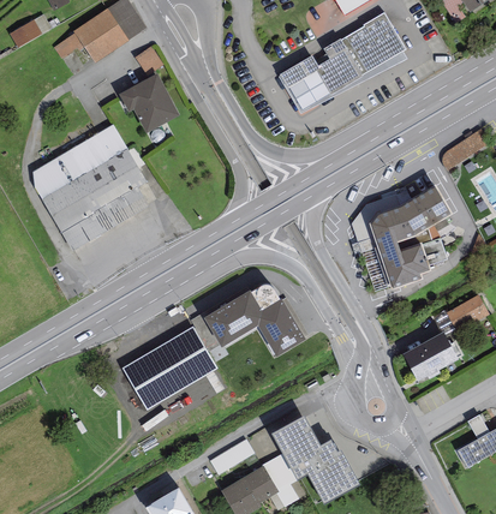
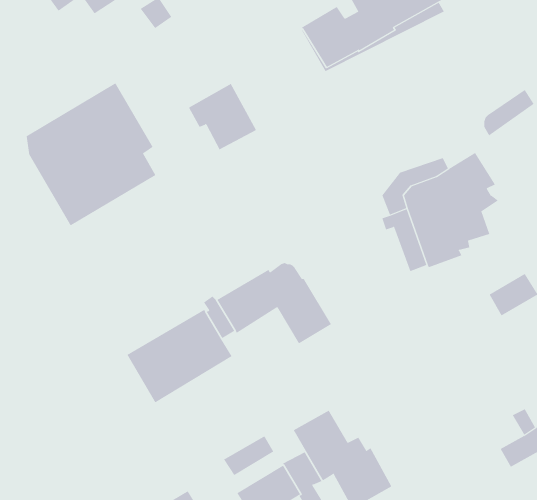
building: [119,72,180,132] -> [188,83,257,150]
building: [404,330,459,381] -> none

